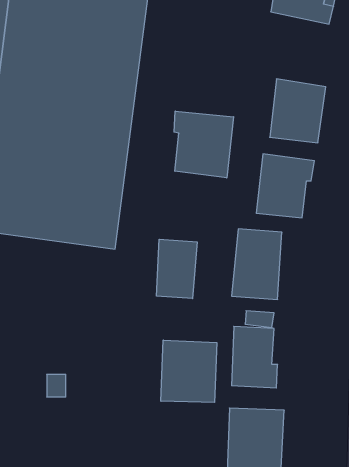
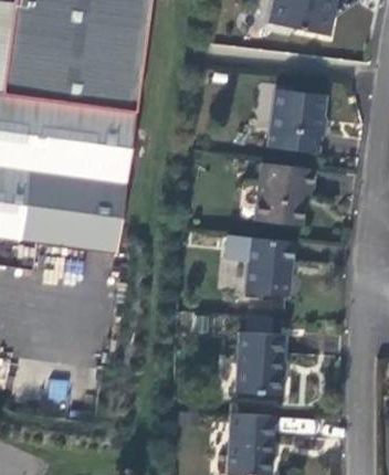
building: [174,111,234,178] -> none
building: [157,239,197,299] -> none
building: [161,340,217,402] -> none

